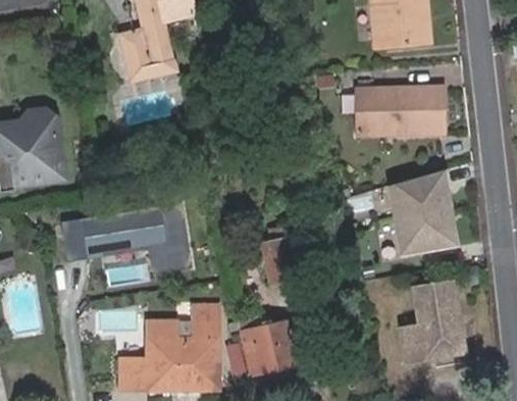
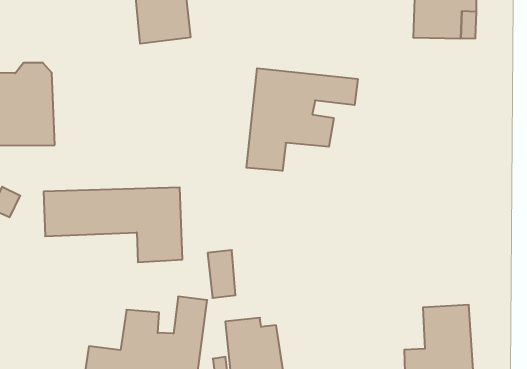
building: [355,86,443,134] -> none
building: none -> [246,68,358,171]
building: [386,172,460,261] -> none
building: [262,238,292,283] -> [208,250,236,298]

